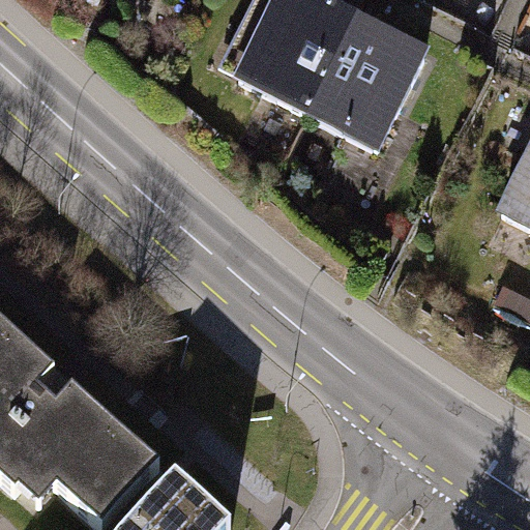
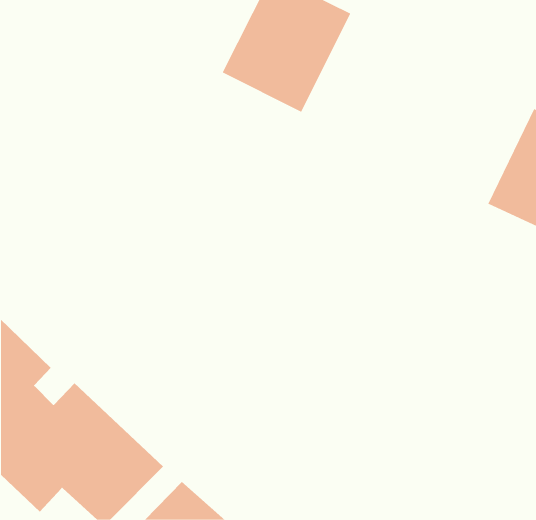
building: [298,13,426,151] -> none

